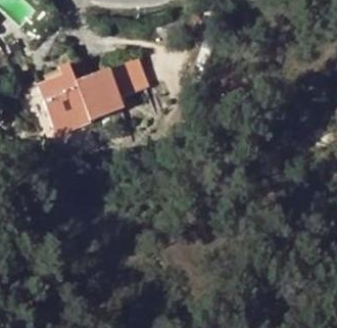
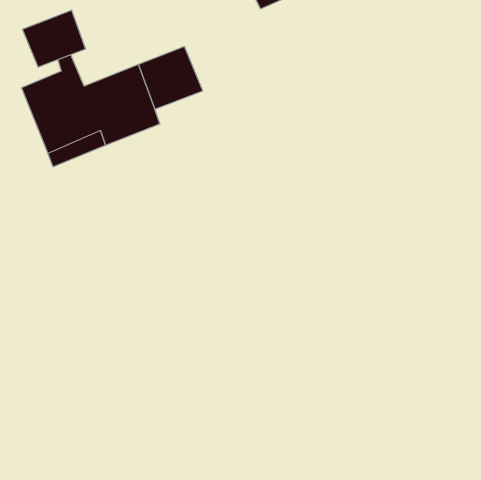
building: none -> [23,10,86,67]

